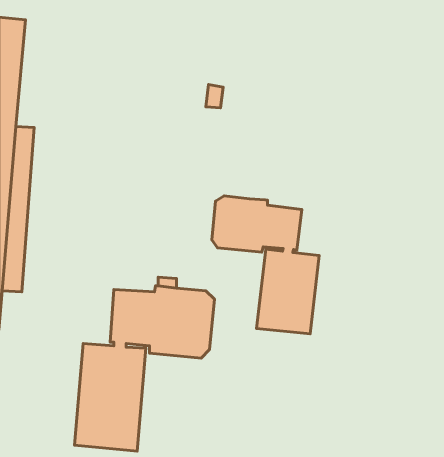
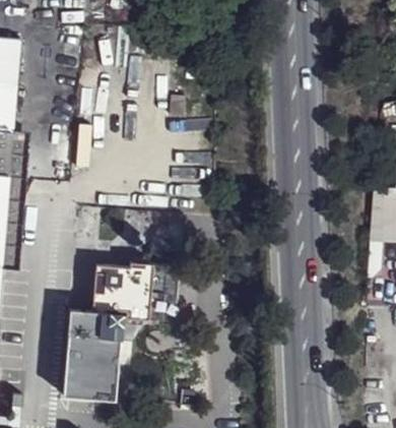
building: [212,196,319,334] -> none

